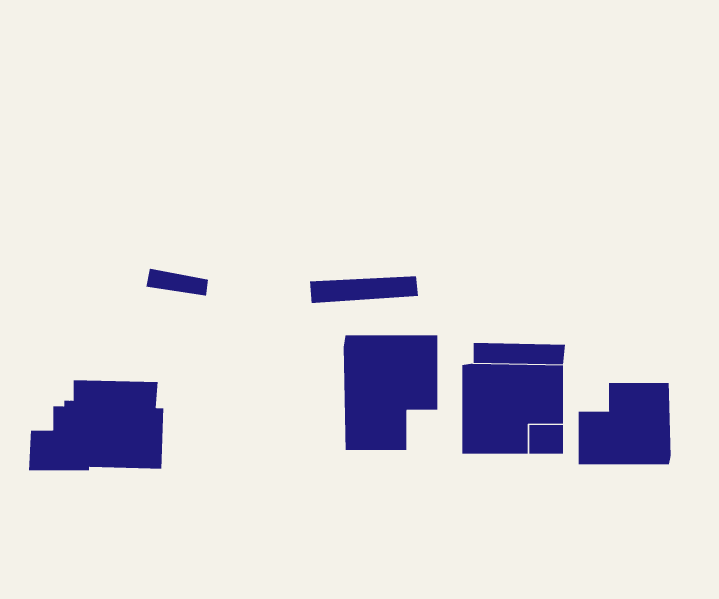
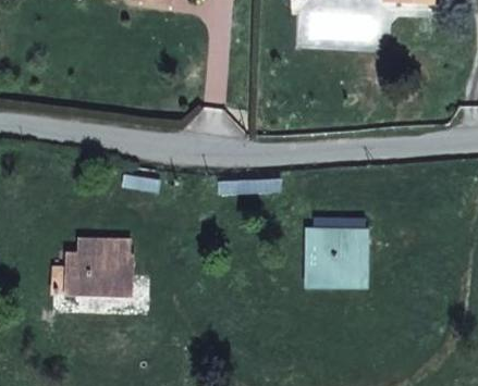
building: [343,334,438,451] -> none
building: [578,382,671,465] -> none

